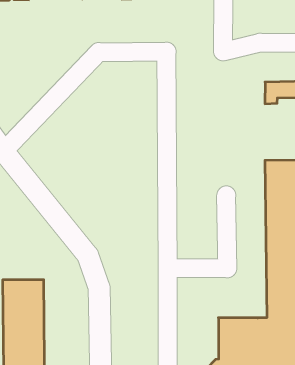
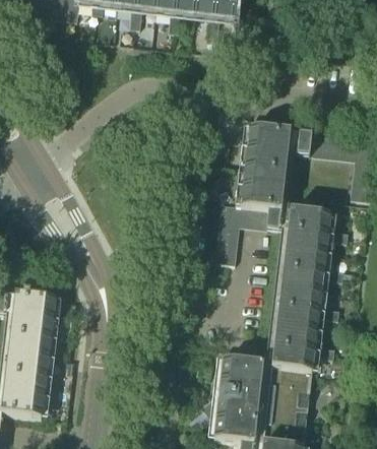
building: none -> [221,122,291,224]
building: none -> [215,217,240,258]

